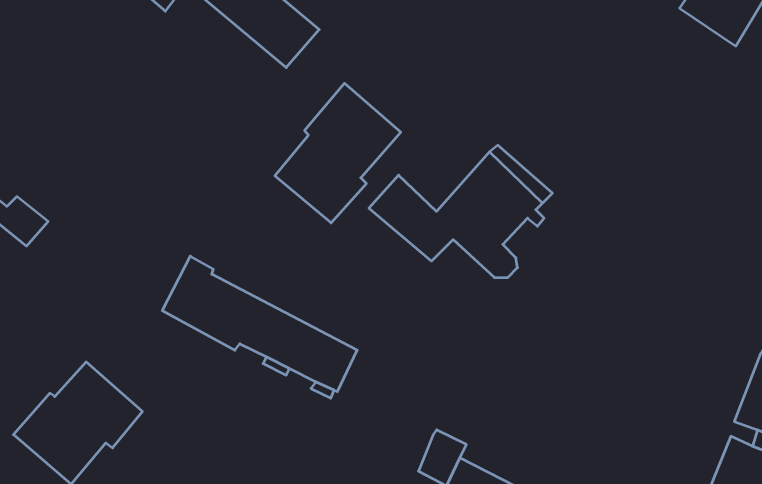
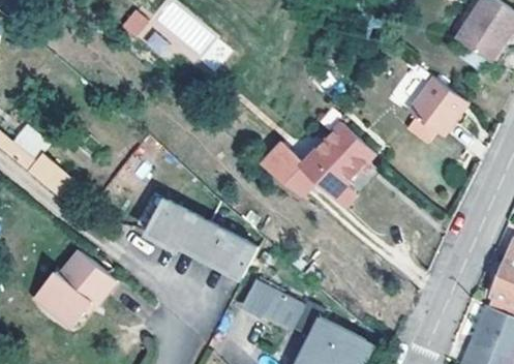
building: none -> [406,75,465,135]
building: [275,83,401,223] -> none
building: none -> [243,279,302,325]

